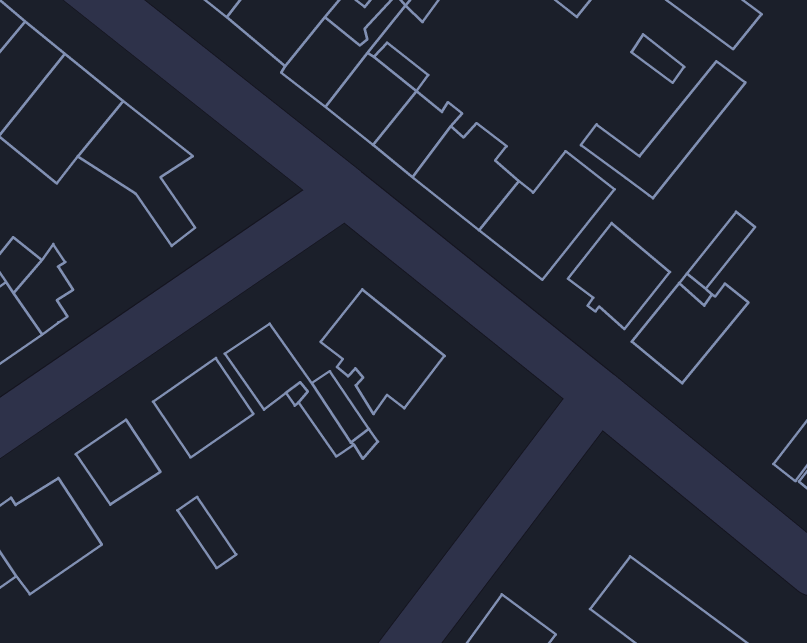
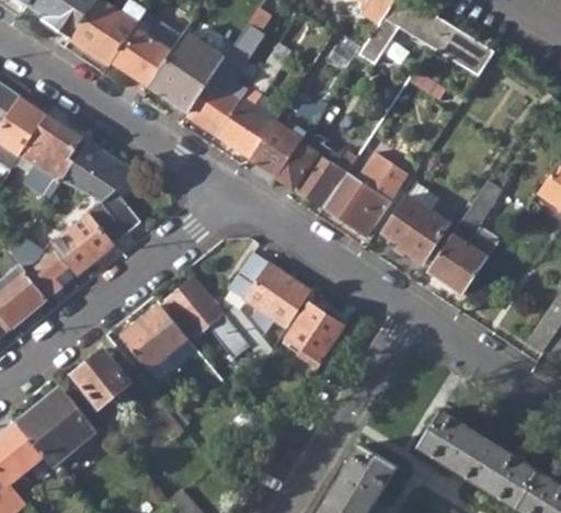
building: [581,61,745,198] -> none
building: none -> [51,203,125,274]
building: none -> [284,301,343,367]

